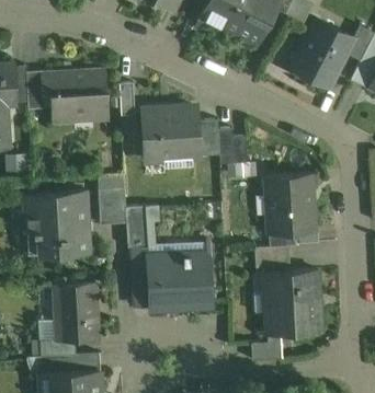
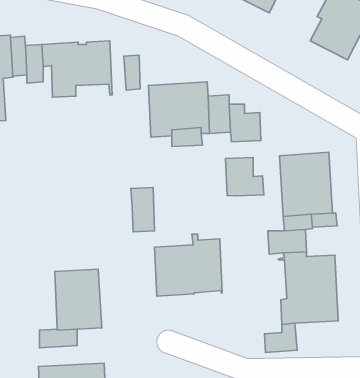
building: none -> [226,158,264,196]
building: [99,187,127,224] -> none
building: [24,189,89,255] -> none
building: [38,352,101,373] -> none

